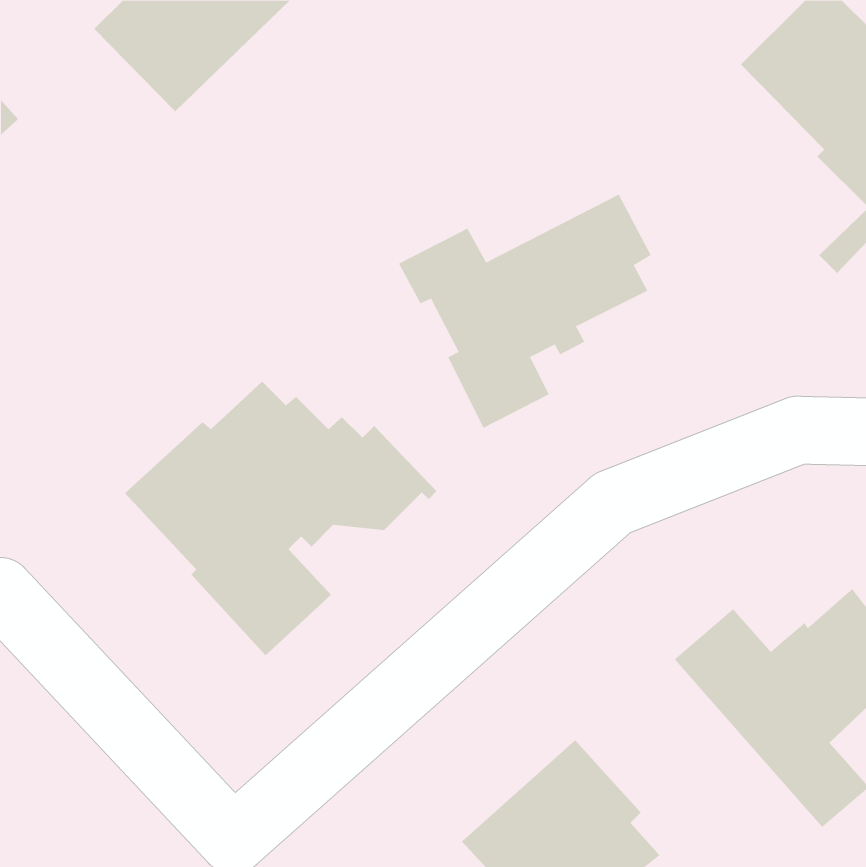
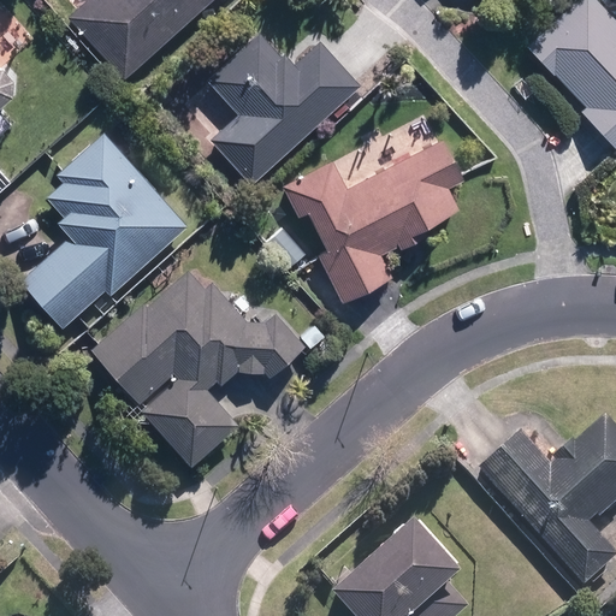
building: none -> [205,30,360,186]
building: none -> [19,134,189,328]

